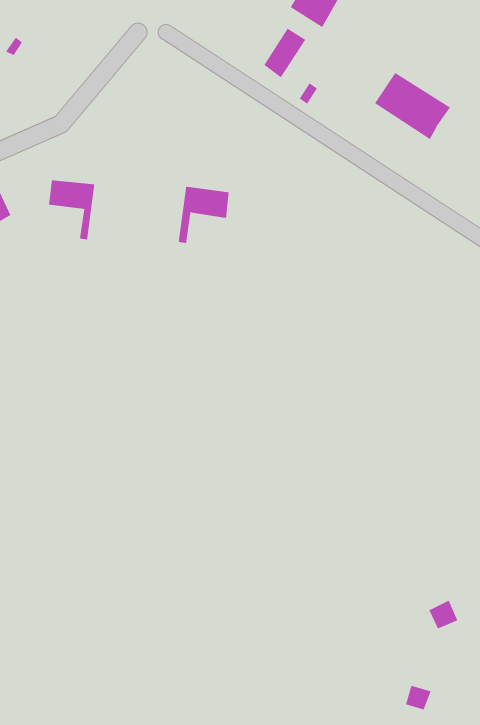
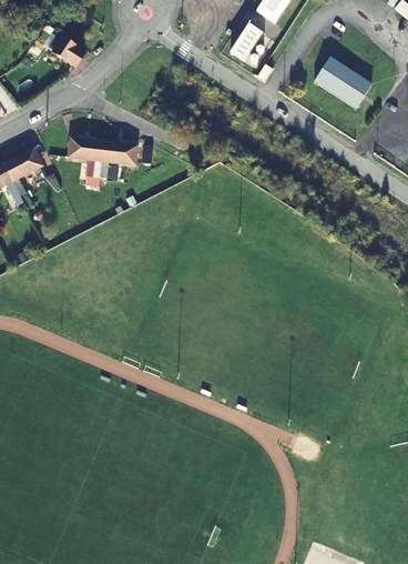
building: none -> [49,36,84,66]
building: [178,186,230,244] -> [99,141,137,184]

